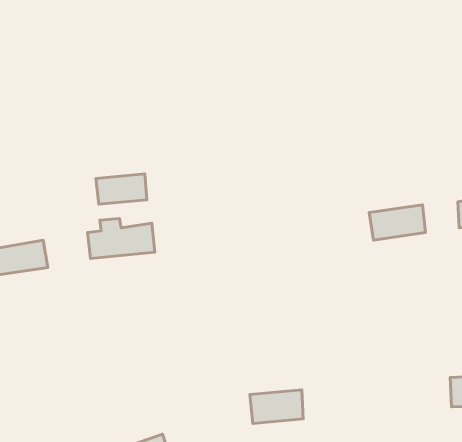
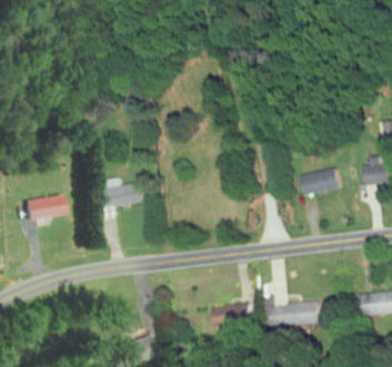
building: [96,174,147,204] -> none
building: none -> [270,303,320,325]

